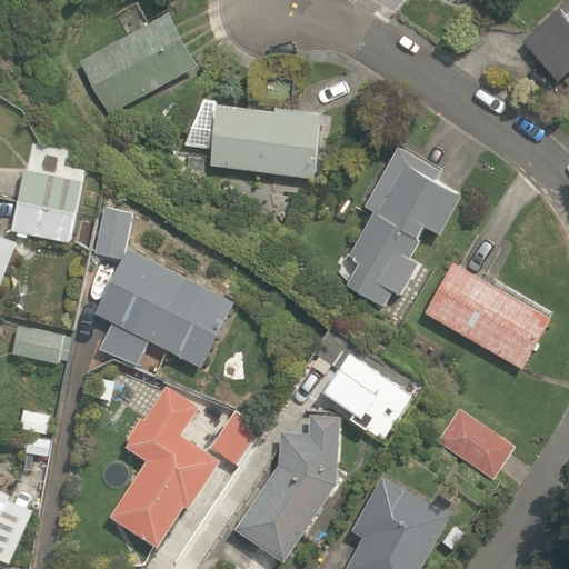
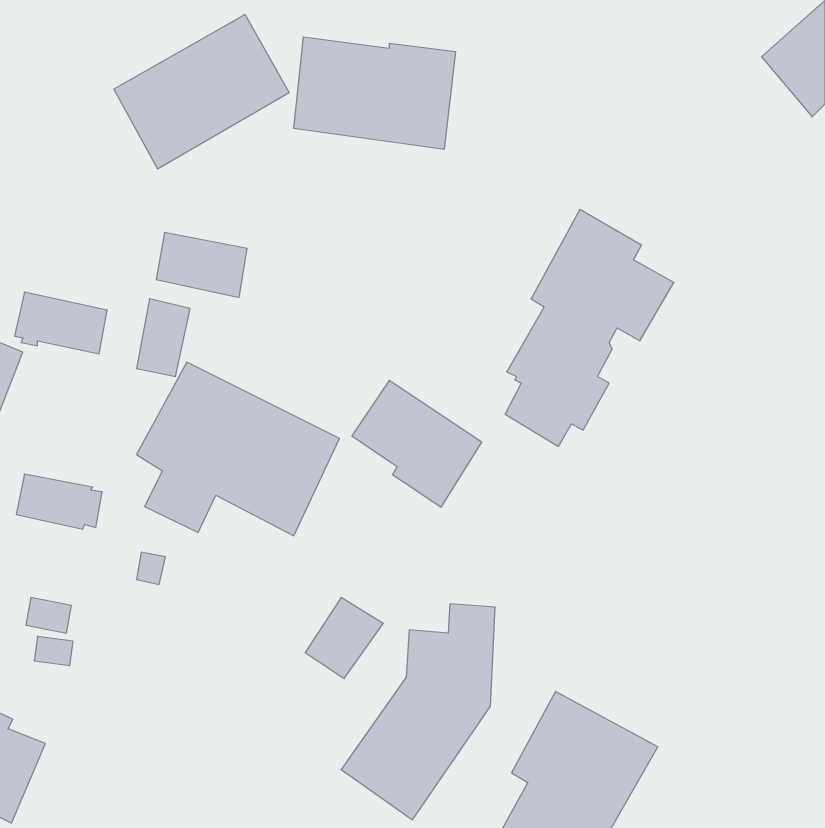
building: [209,102,320,179] -> [293,37,456,149]
building: [17,169,79,213] -> [156,232,247,297]
building: [423,261,549,369] -> none
building: [321,353,410,440] -> [352,380,482,507]
building: [109,386,219,548] -> none
building: [436,408,515,480] -> none

